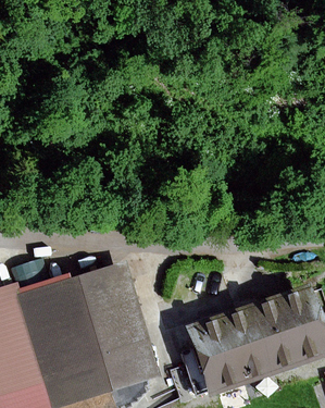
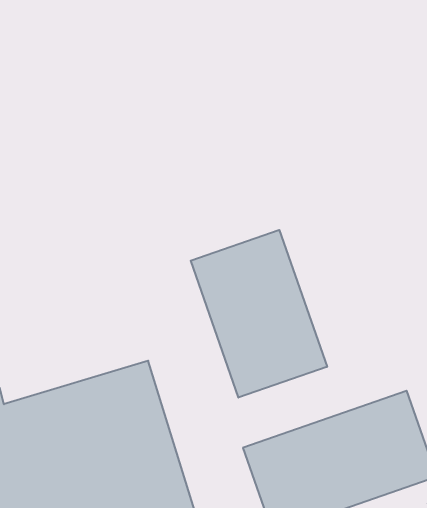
building: none -> [191,230,327,398]

